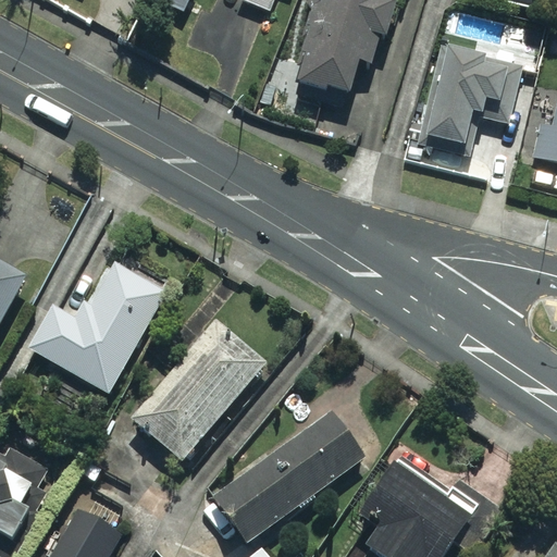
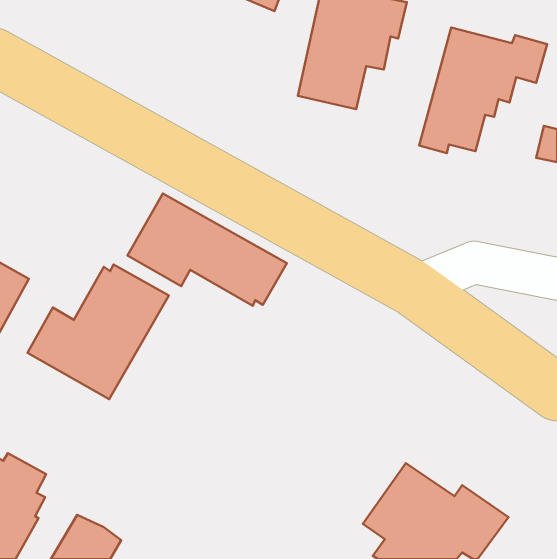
building: none -> [128,193,287,306]
building: [131,319,267,462] -> none
building: [212,410,366,545] -> none

